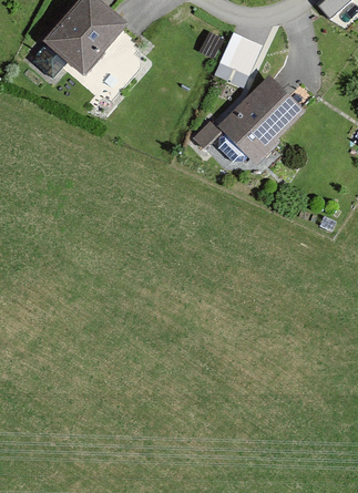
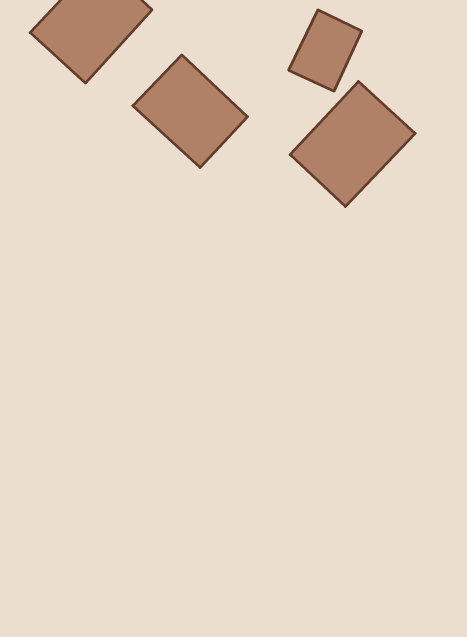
building: none -> [133,55,248,168]

